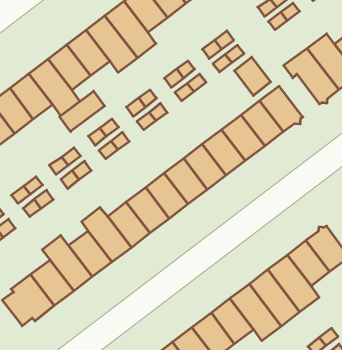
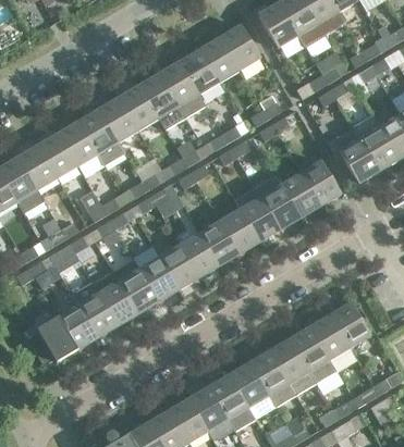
building: [234,57,271,96] -> none
building: [60,91,105,132] -> none

